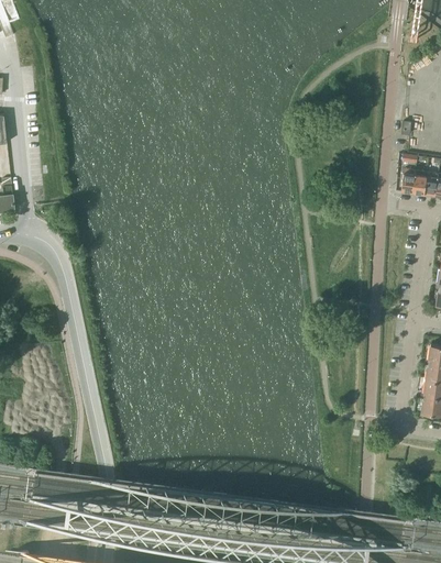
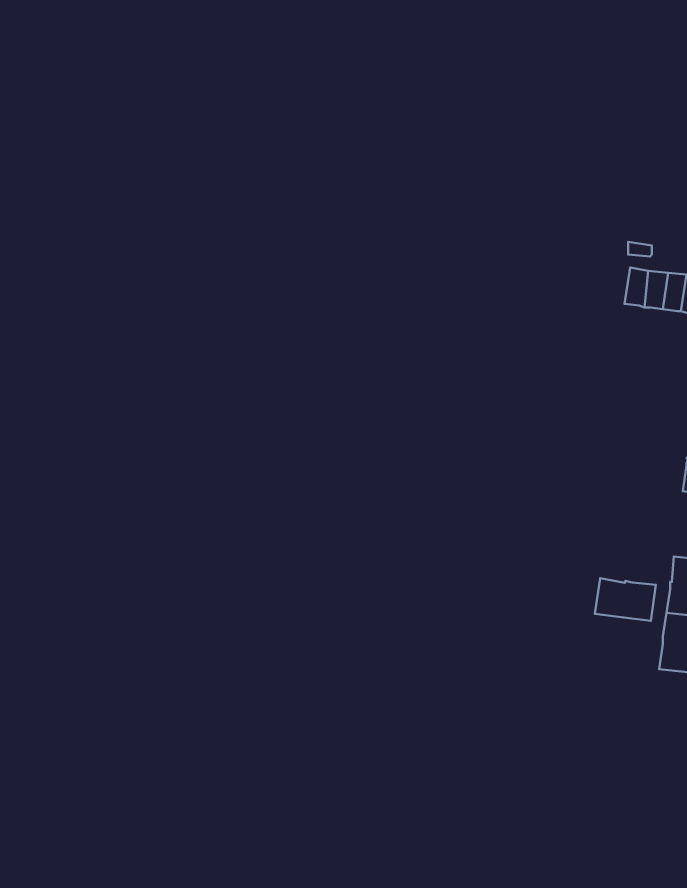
building: none -> [595,578,656,621]

